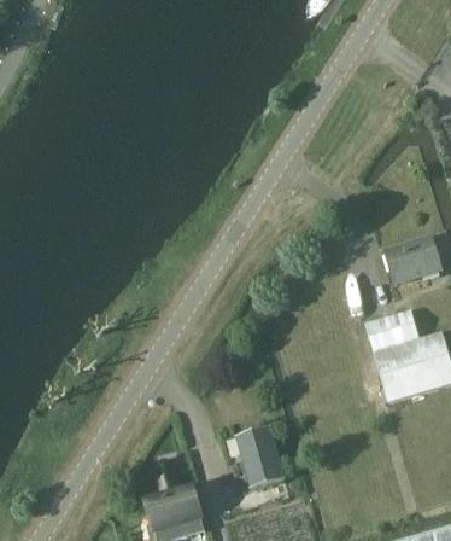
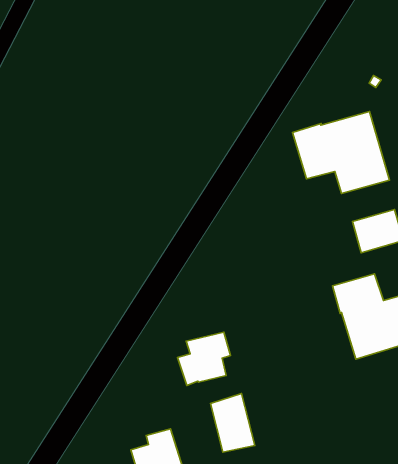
building: none -> [292,111,390,193]
building: none -> [178,332,230,385]

